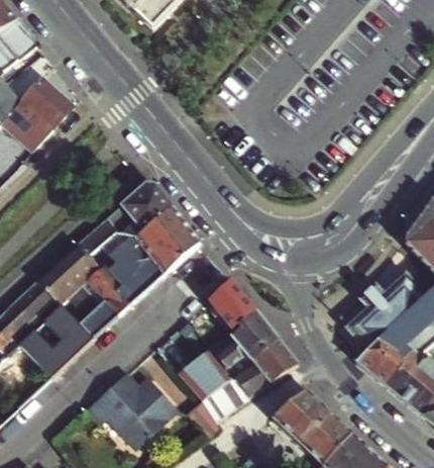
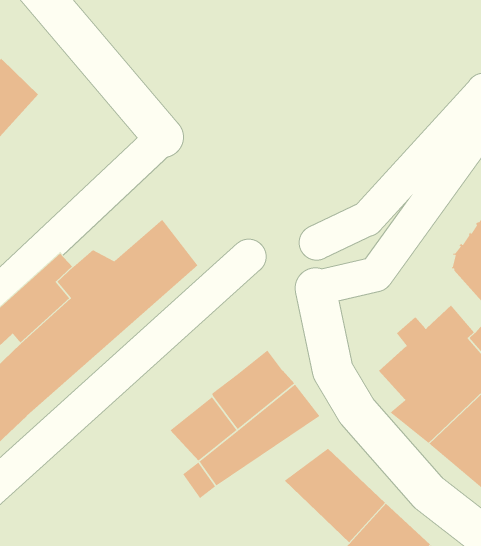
building: [91,182,173,243] -> none
building: [210,278,257,329] -> none
building: [86,373,177,450] -> none

